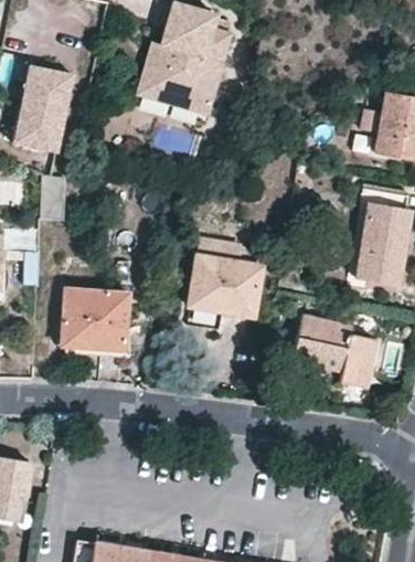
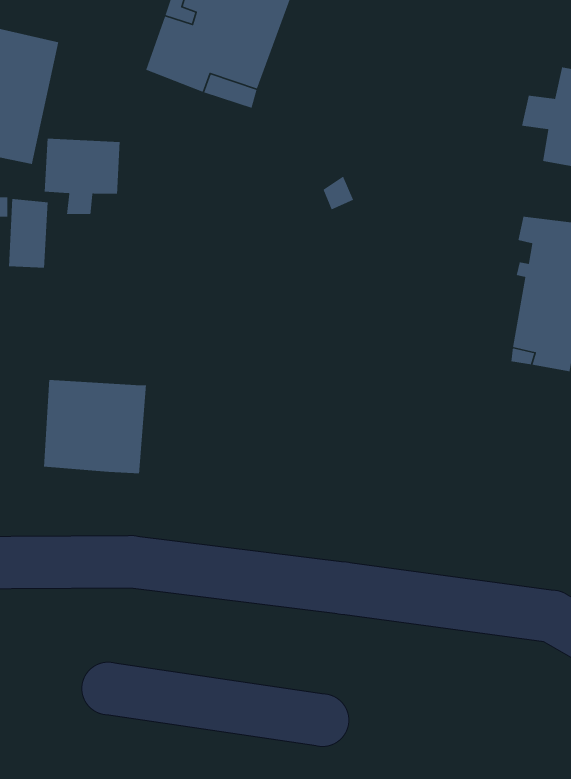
building: none -> [44,138,121,215]
building: [191,240,264,315] -> none
building: [292,317,375,388] -> none

